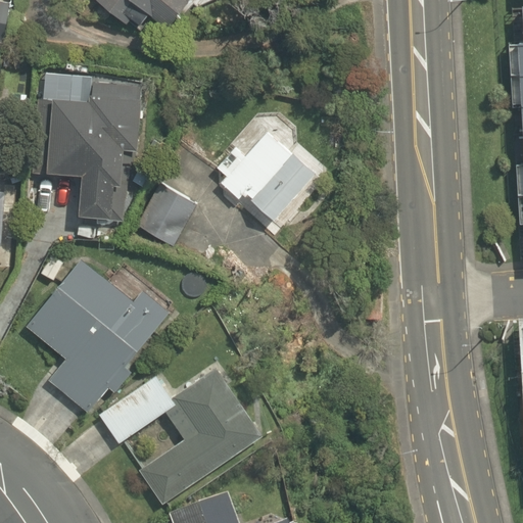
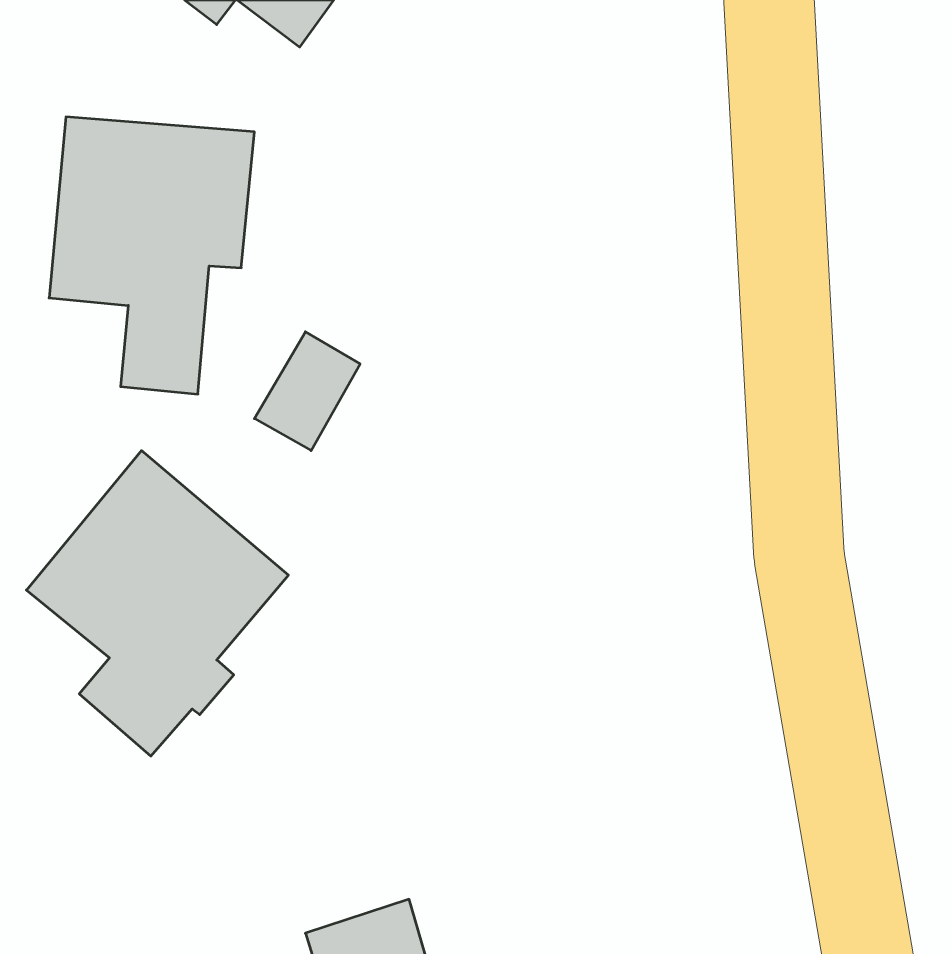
building: [210,131,315,221] -> none
building: [98,363,270,509] -> none

